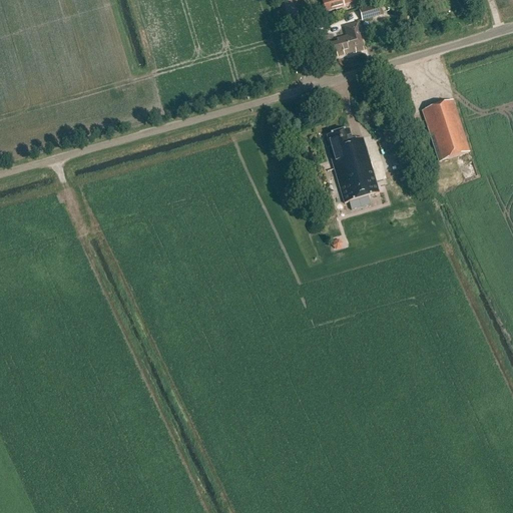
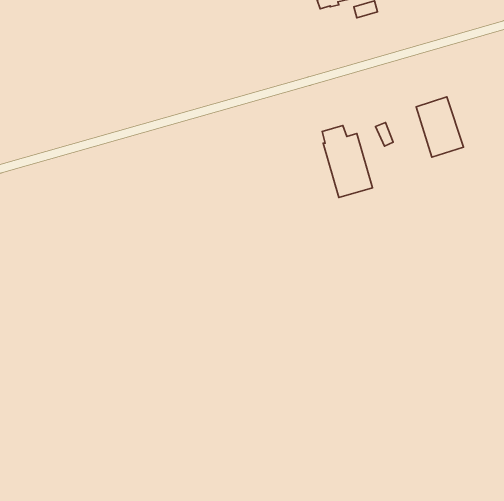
building: [332,21,364,54] -> none

